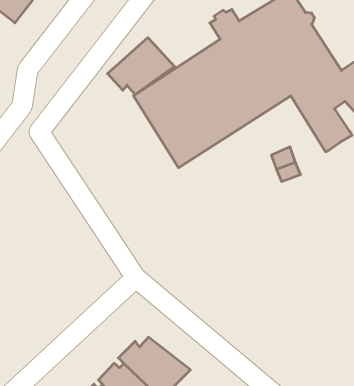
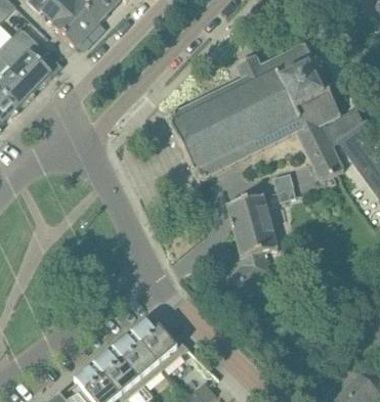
building: [107,38,175,95] -> none
building: none -> [222,193,278,299]

